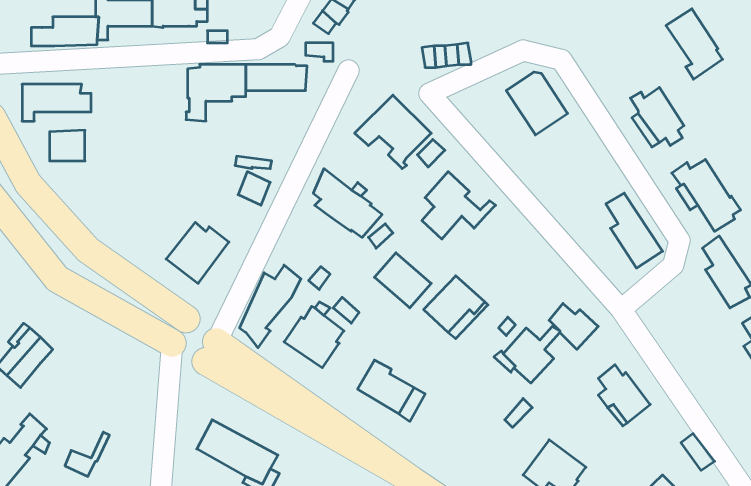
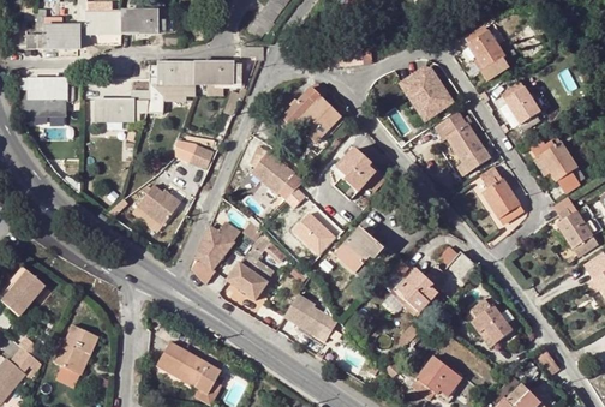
building: [666,9,723,79] -> [463,25,508,80]
building: none -> [96,89,151,121]
building: none -> [435,110,489,175]
building: none -> [55,324,96,371]

